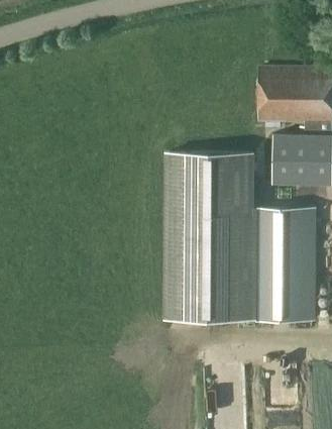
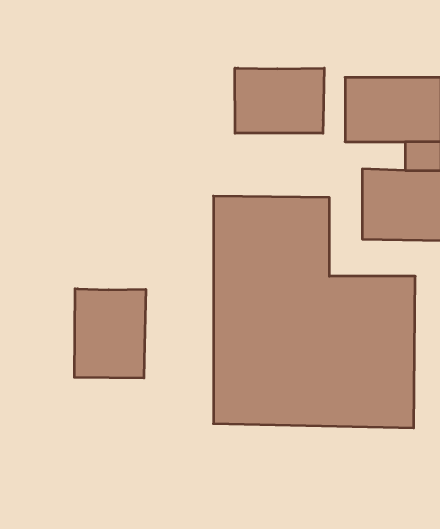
building: none -> [235,68,324,133]
building: none -> [74,289,146,378]

